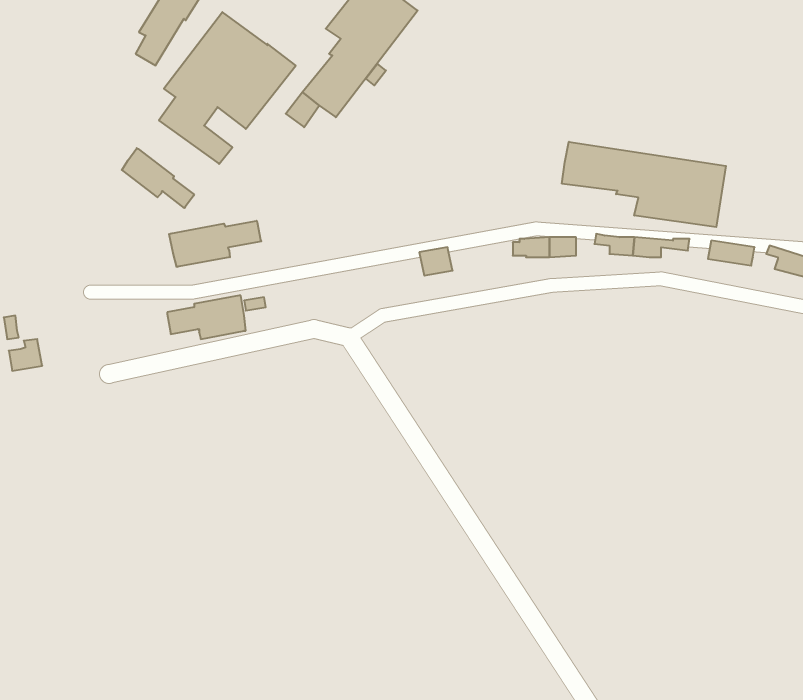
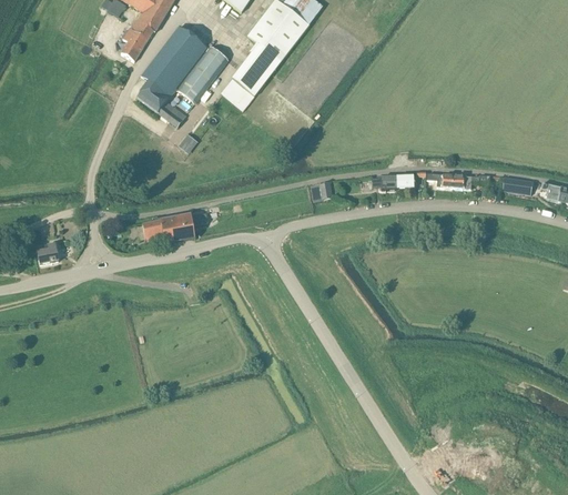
building: [562,142,726,227] -> none
building: [122,148,194,208] -> none
building: [169,221,261,267] -> none

